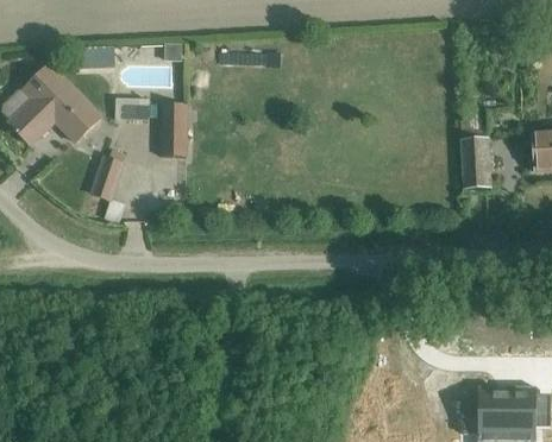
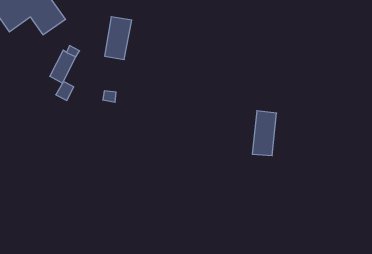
building: [115,99,150,121] -> none
building: [460,130,490,188] -> [252,111,277,156]

